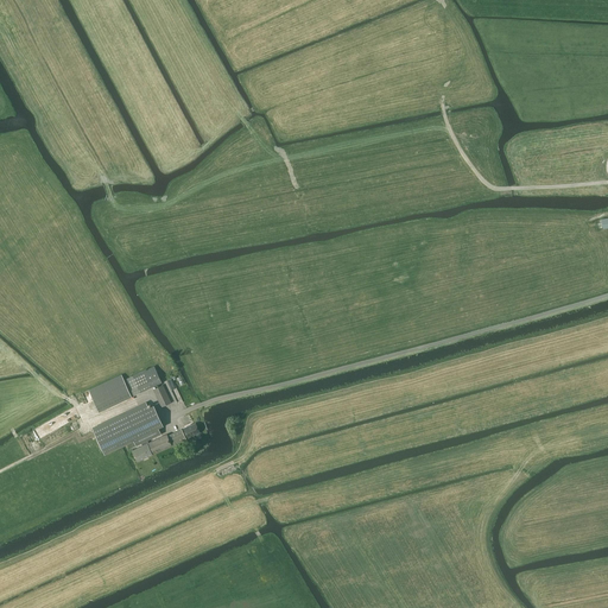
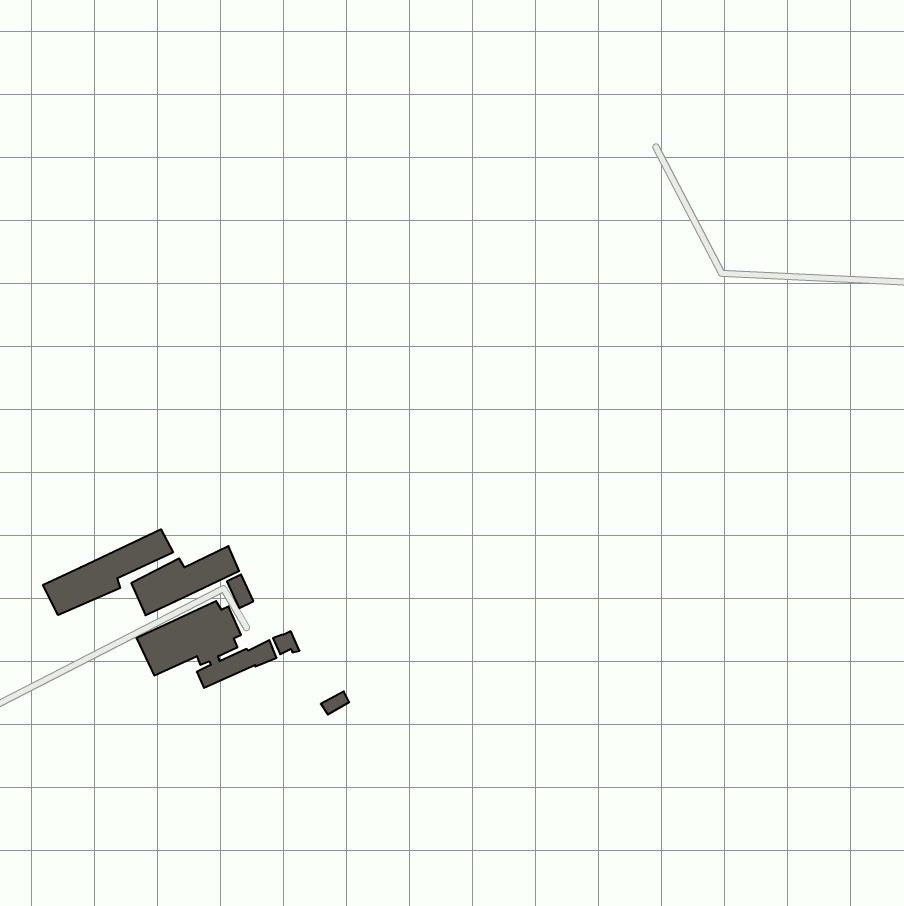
building: none -> [43,529,173,615]

